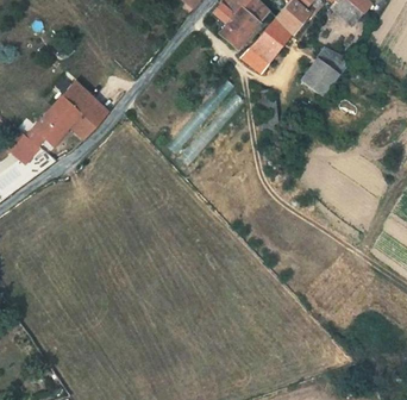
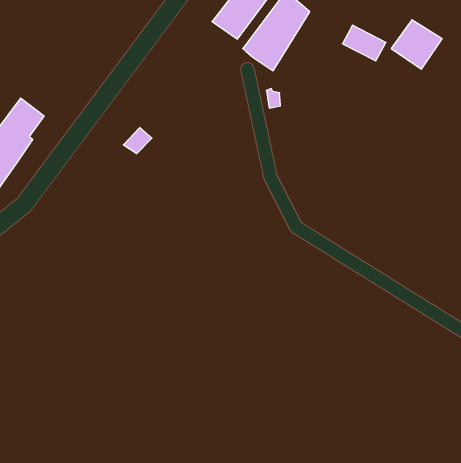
building: [301,58,339,95] -> [391,20,442,69]
building: [70,96,109,140] -> none

